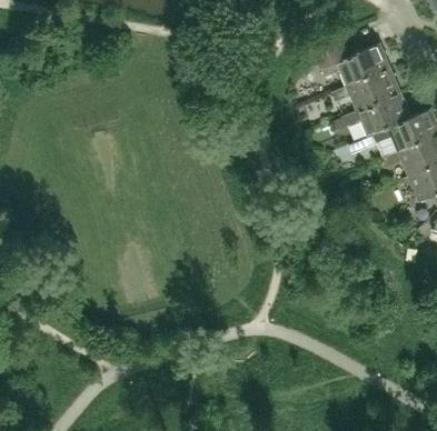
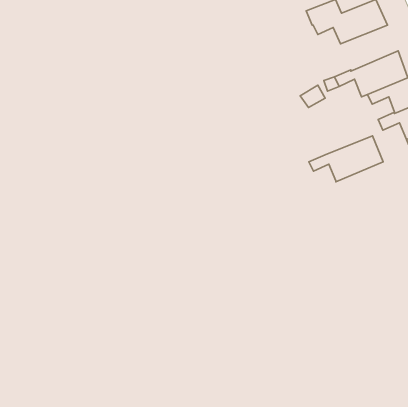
building: [331,69,401,112] -> [309,136,383,182]

